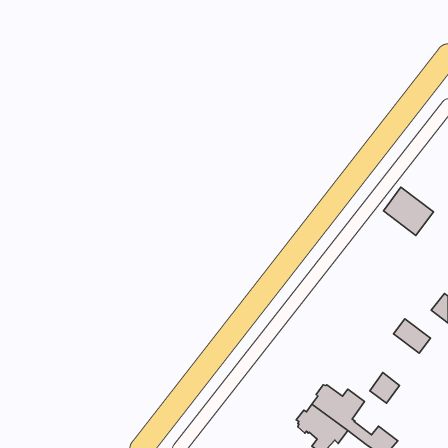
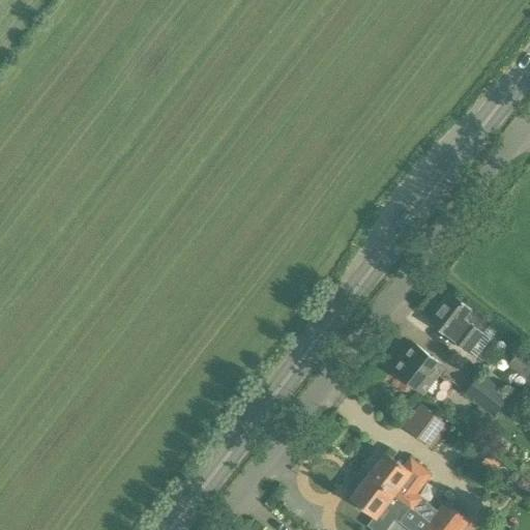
building: [383,187,433,236] -> [430,296,489,353]
building: none -> [392,344,444,395]
building: [370,372,400,403] -> [404,406,439,442]

